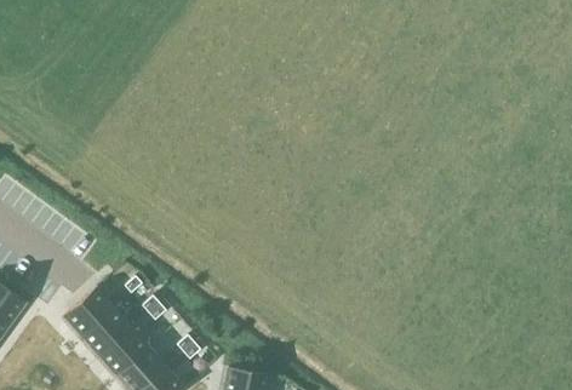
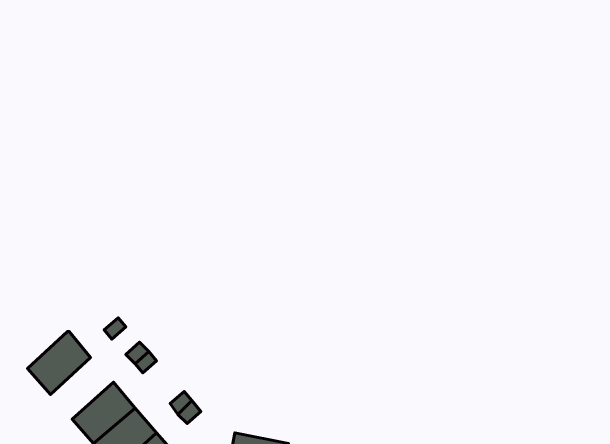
building: [81,308,131,356] -> none

